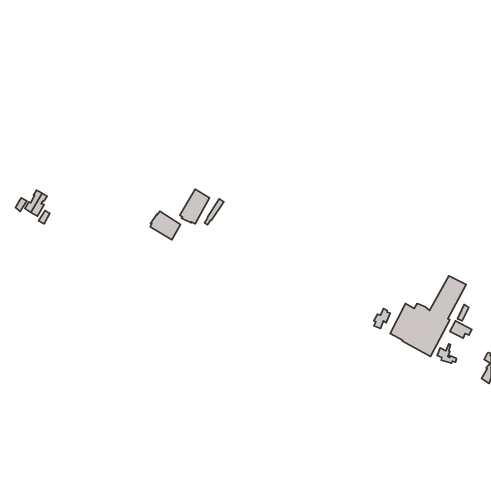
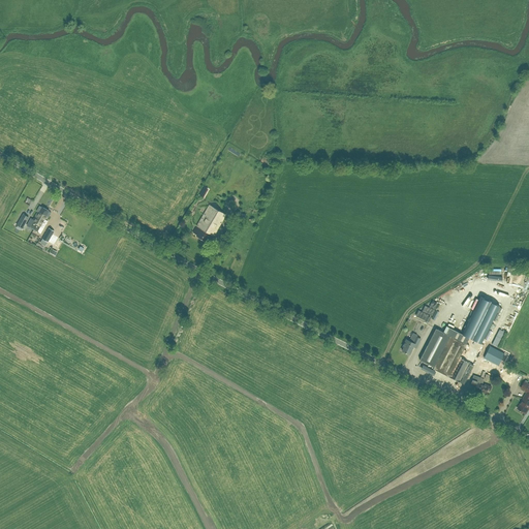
building: [150,211,181,240] -> none

